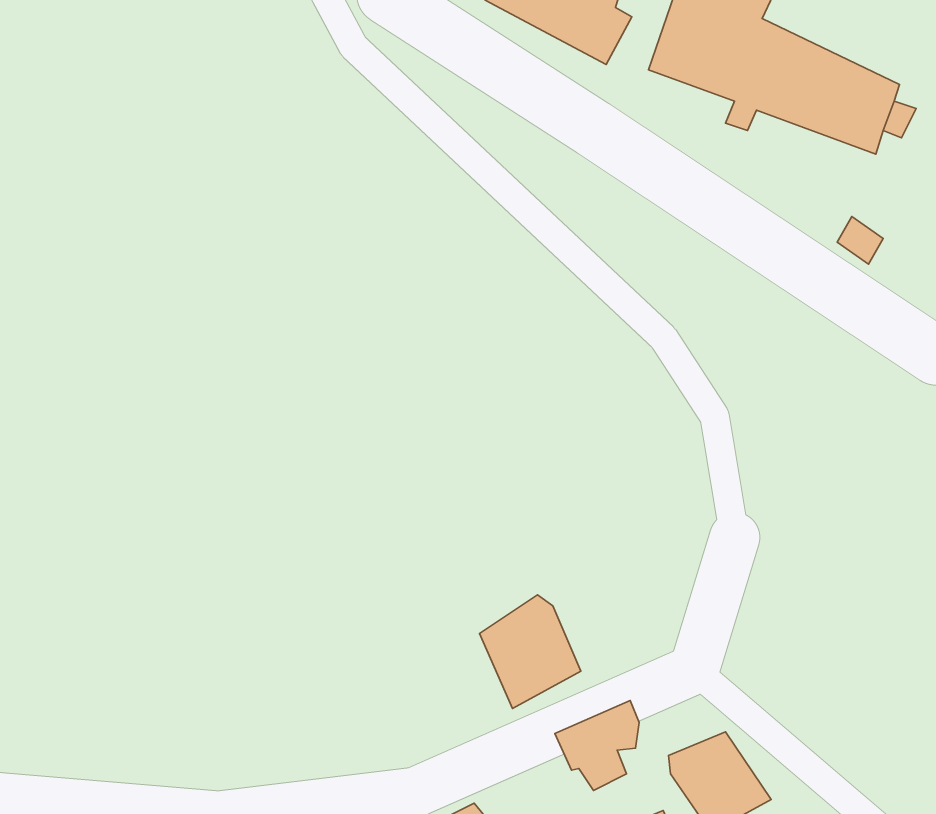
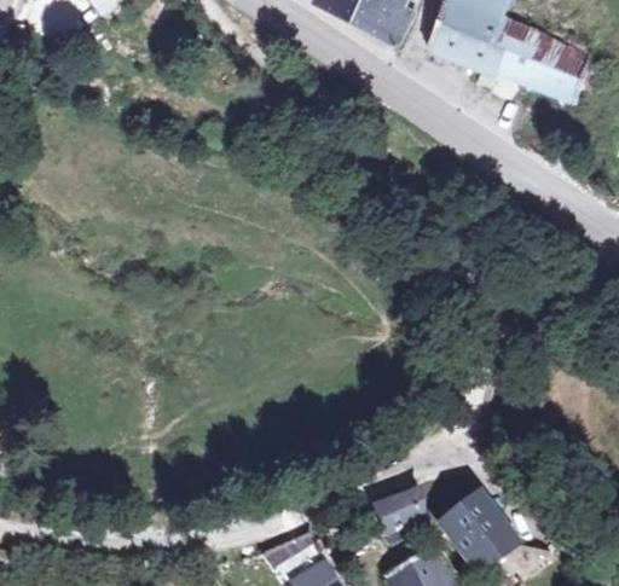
building: [479,595,581,708] -> none

